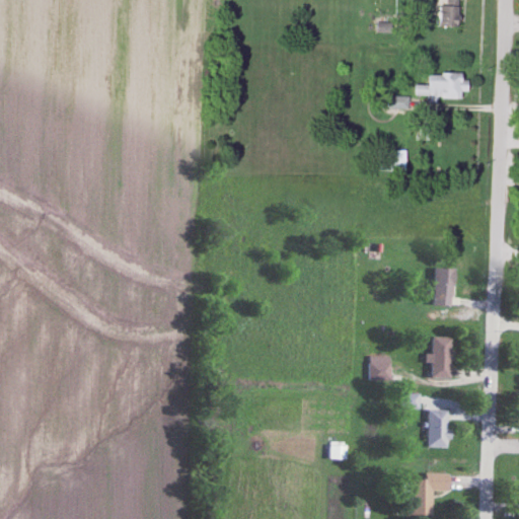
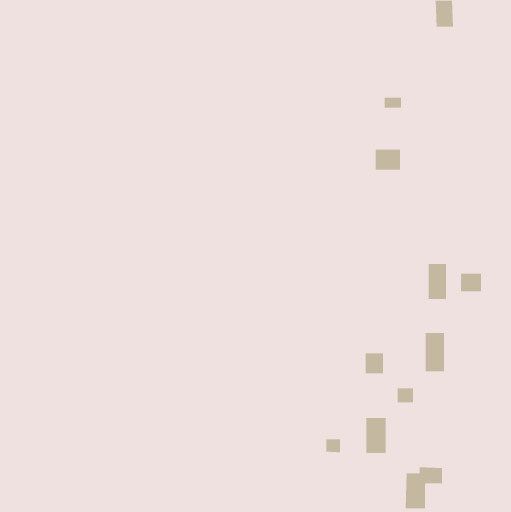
building: [416,74,466,101] -> none
building: none -> [460,273,481,292]
building: [428,410,449,446] -> [365,418,386,454]

